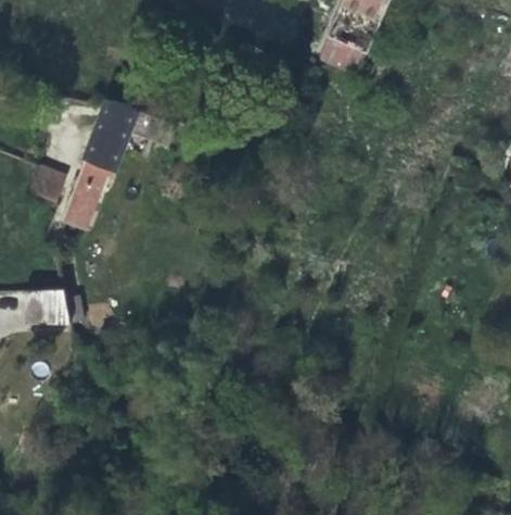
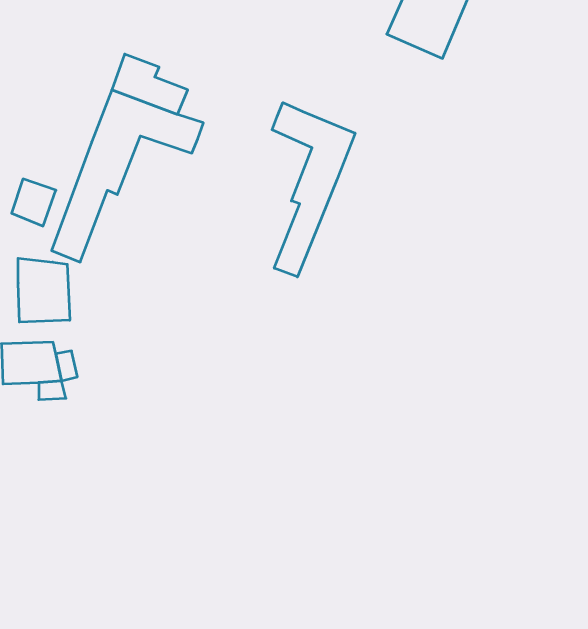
building: none -> [272,103,355,277]
building: none -> [18,258,70,322]

